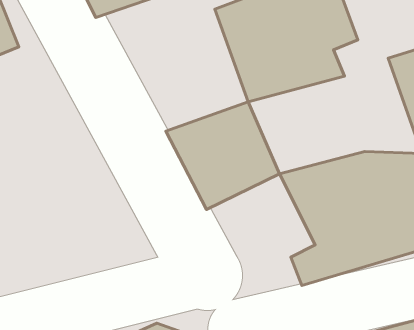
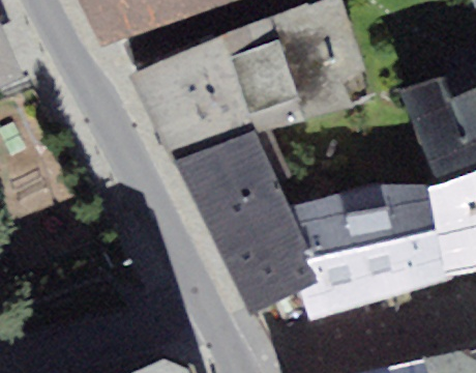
building: none -> [128,38,257,163]
building: none -> [214,206,325,316]

